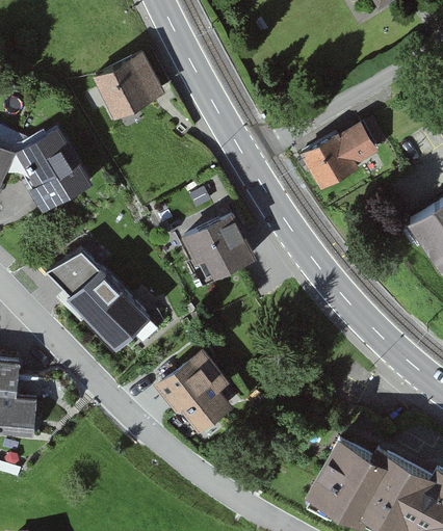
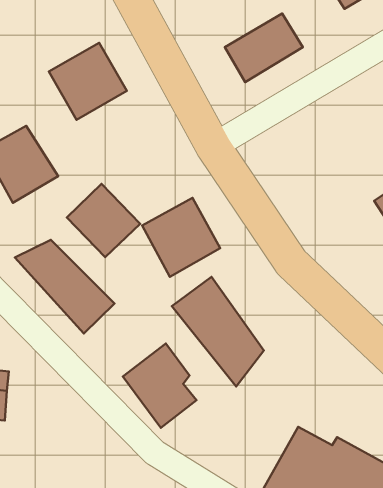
building: [297,120,376,189] -> [225,13,303,82]
building: none -> [67,184,140,257]
building: none -> [172,277,264,387]

